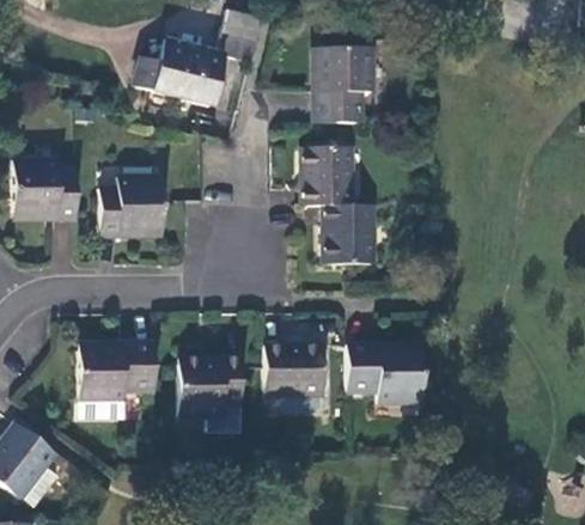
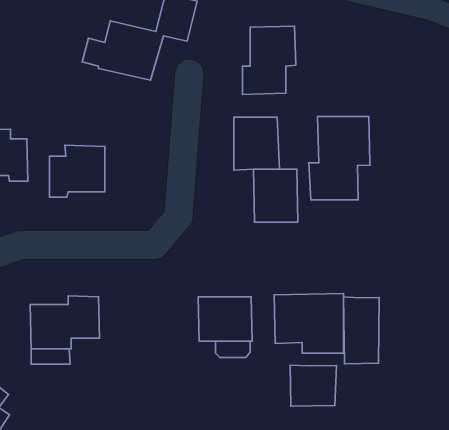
building: none -> [309,117,370,200]
building: none -> [343,297,379,364]
building: [178,356,240,431] -> none
building: none -> [290,365,337,406]

